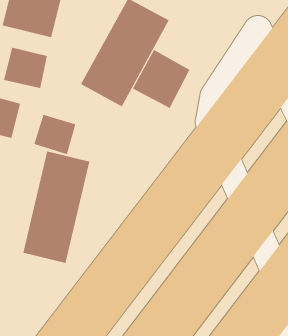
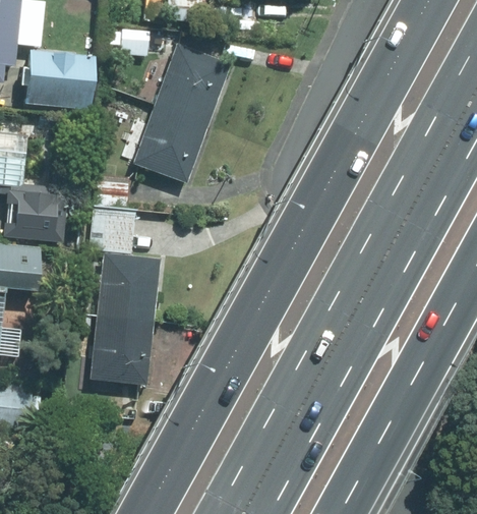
building: [4,47,48,89] -> none
building: [132,49,190,109] -> none

